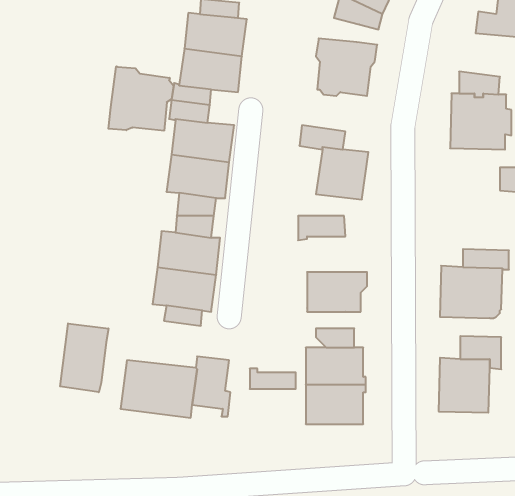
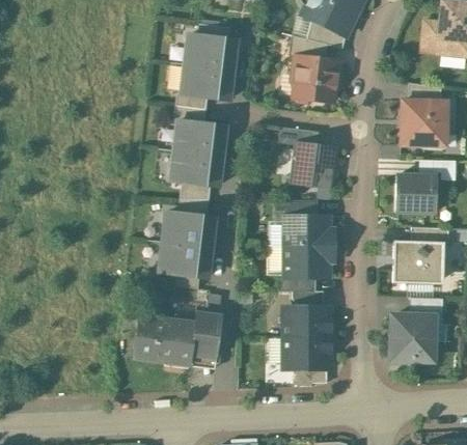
building: none -> [289,37,327,60]
building: [108,66,173,131] -> none
building: none -> [395,176,436,213]
building: none -> [284,218,333,247]
building: [60,323,108,392] -> none
building: [250,369,296,389] -> [278,276,315,293]

